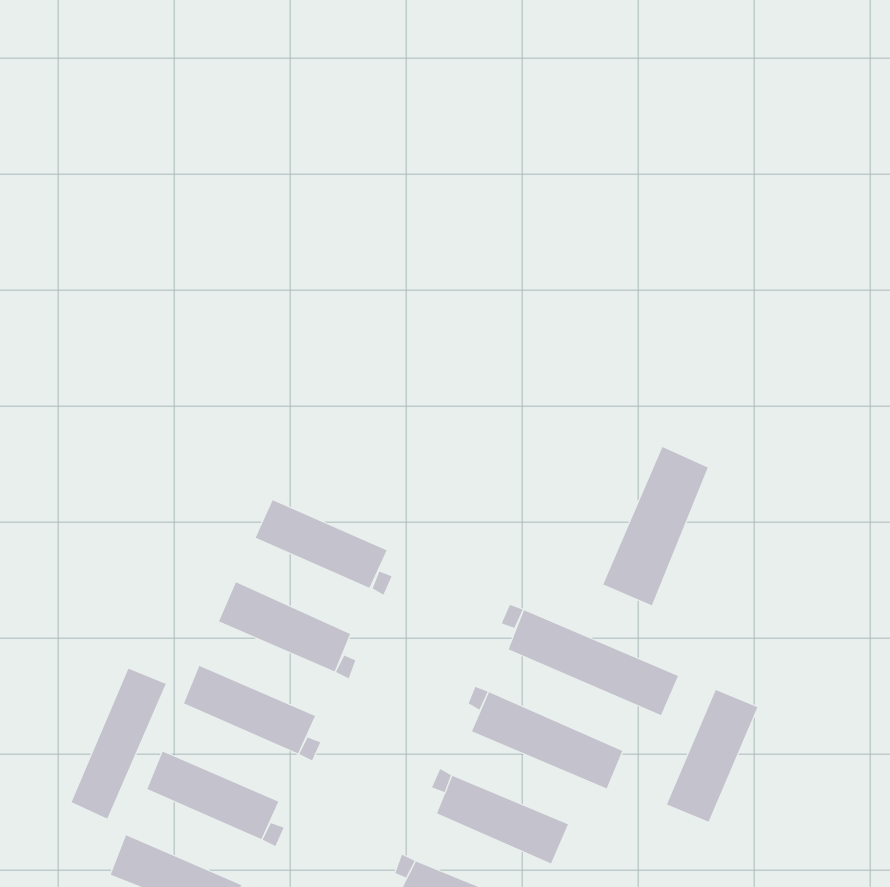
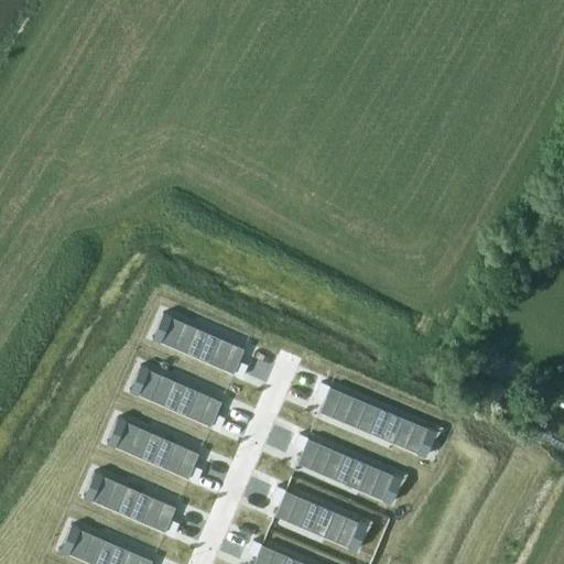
building: [603,446,709,606] -> none
building: [71,668,166,819] -> none
building: [666,689,758,822] -> none

